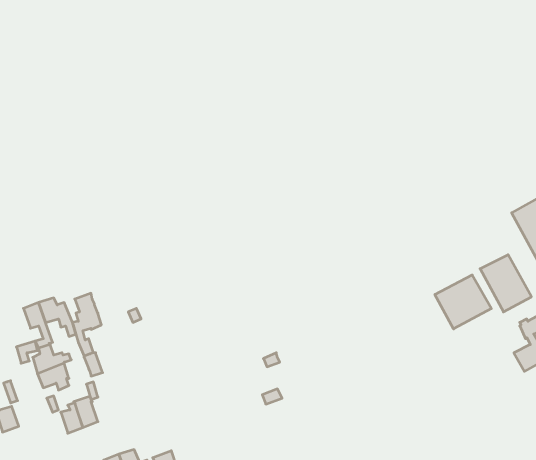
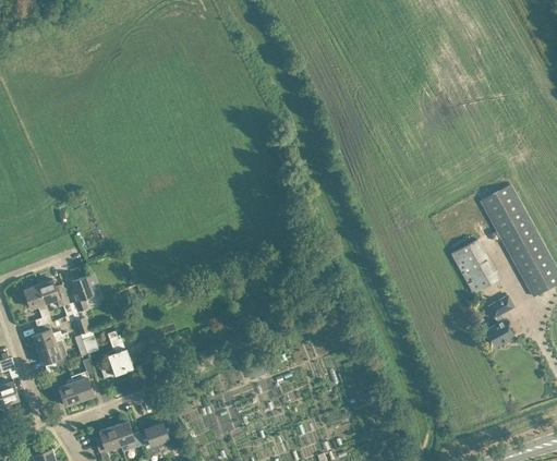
building: [435,275,491,329] -> none
building: none -> [100,330,136,379]

